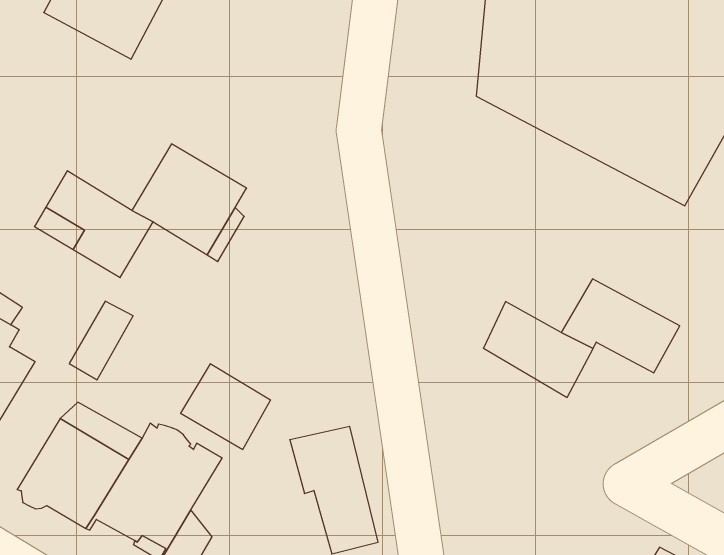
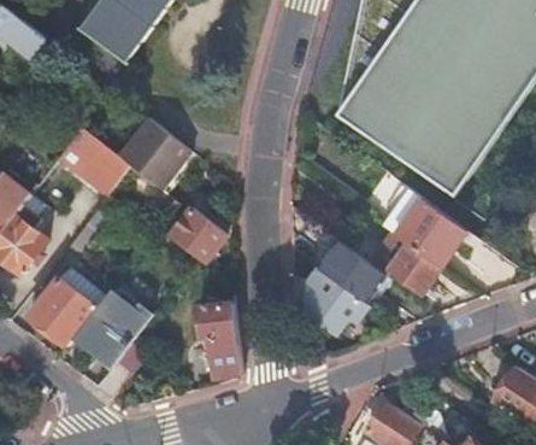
building: none -> [381,188,465,267]
building: none -> [306,265,371,334]
building: [181,364,271,449] -> [169,207,224,262]

